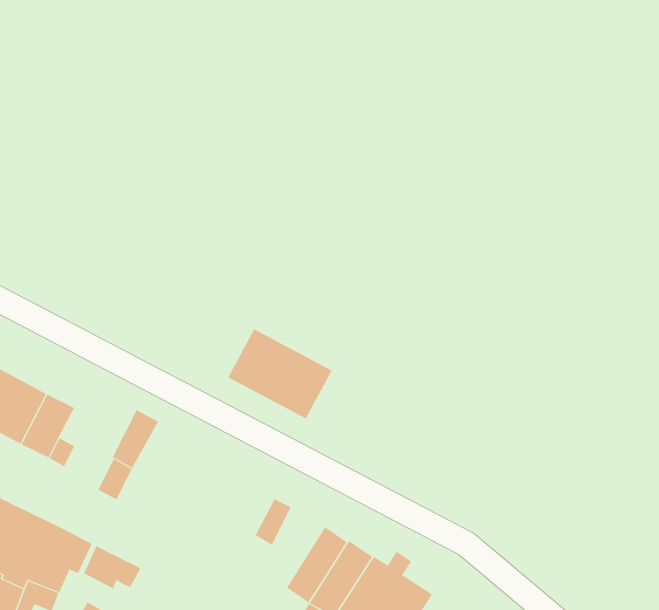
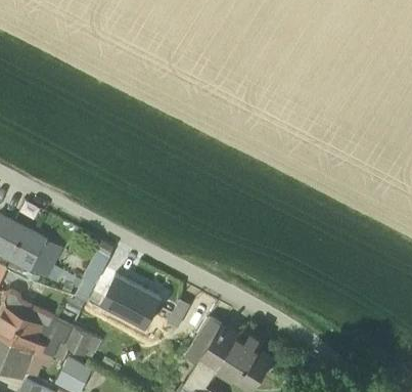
building: [228,329,332,419] -> [99,273,161,326]

